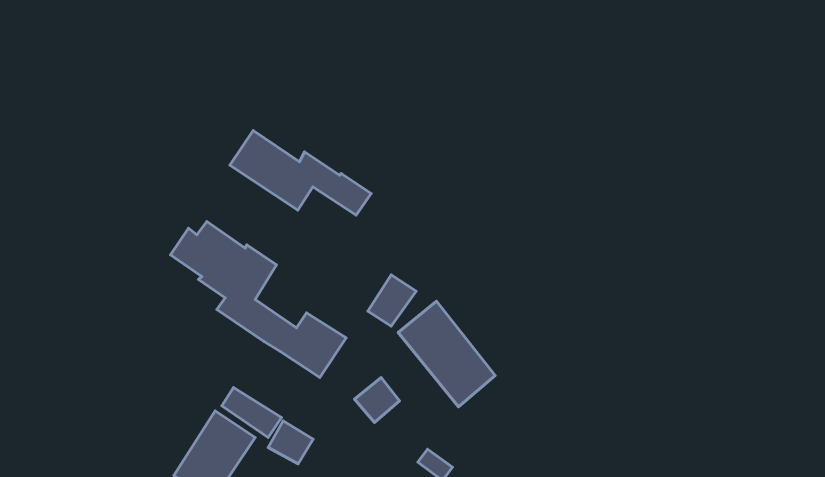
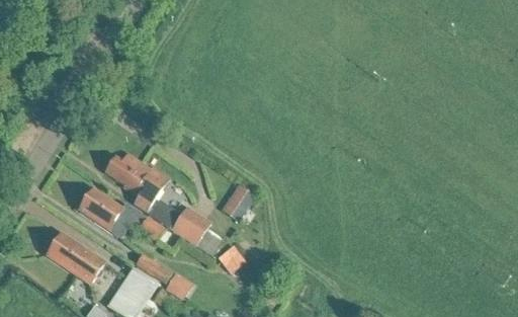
building: [230,130,371,215] -> [80,188,166,240]
building: [398,301,495,407] -> none
building: none -> [49,234,105,283]

